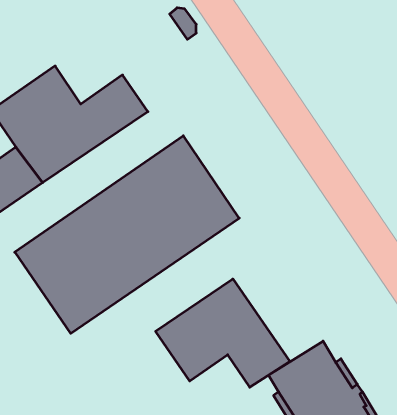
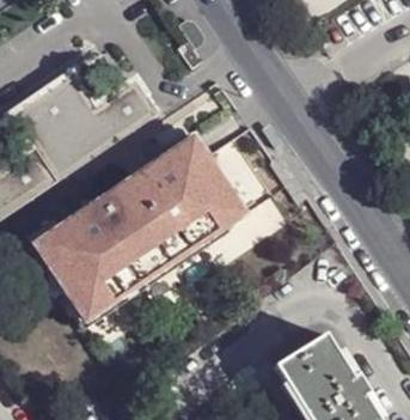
building: [156,279,290,387] -> none

